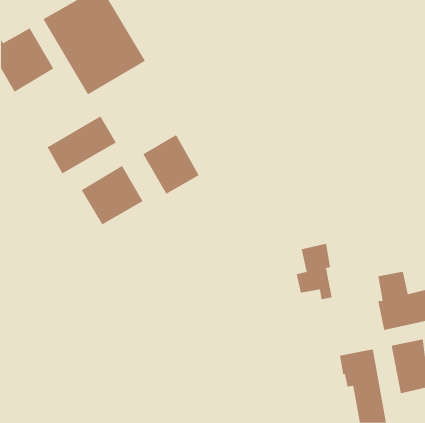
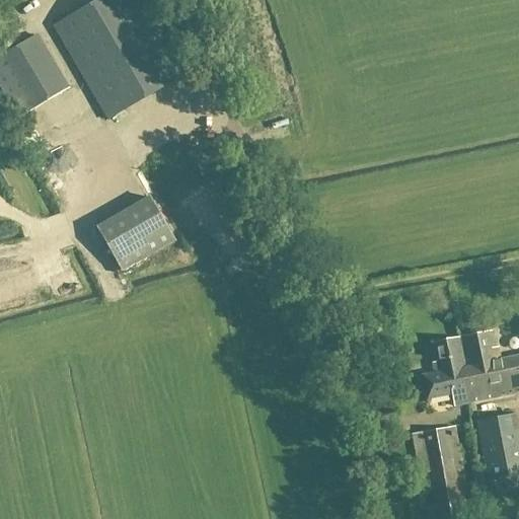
building: [47,115,117,174] -> none
building: [142,134,199,194] -> none
building: [296,243,333,300] -> [423,336,467,404]

